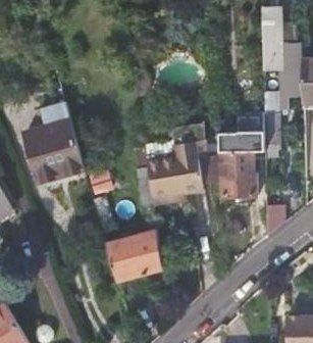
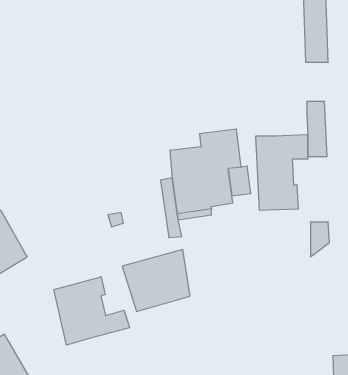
building: [22,110,82,174] -> none
building: none -> [54,277,130,345]

